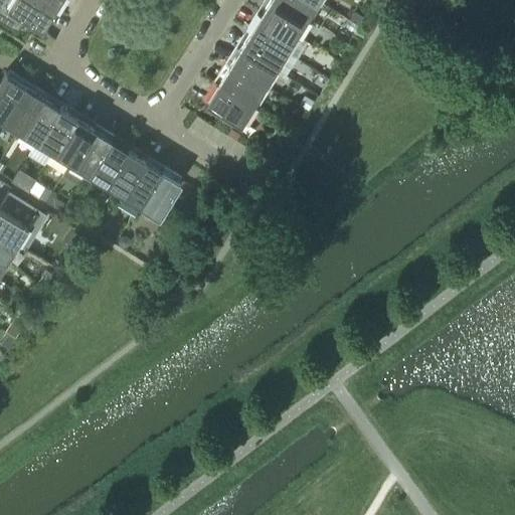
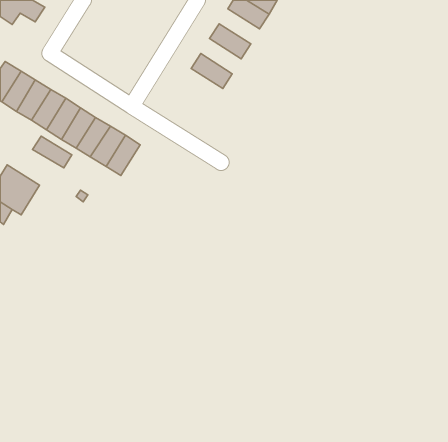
building: [251,17,298,57] -> none
building: [230,51,277,92] -> none
building: [208,85,255,127] -> none
building: none -> [32,136,72,168]
building: [139,173,179,220] -> none

